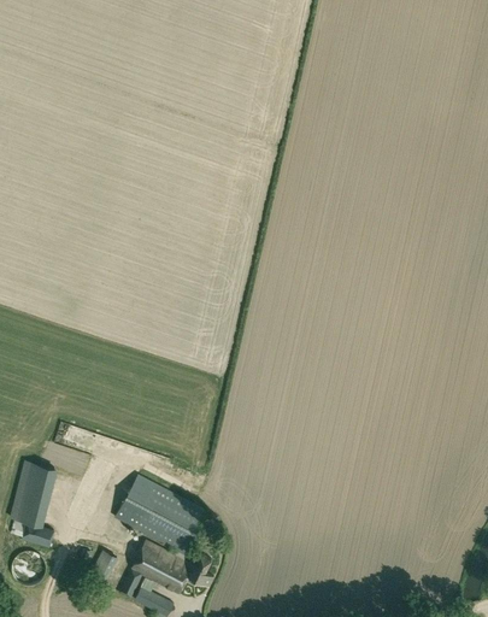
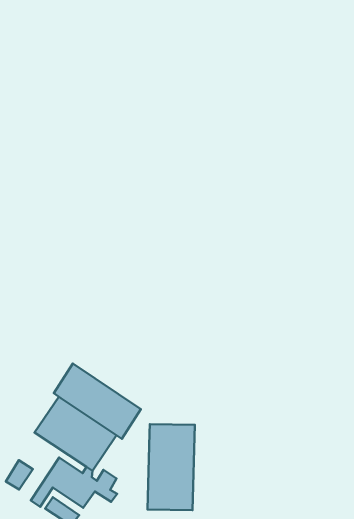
building: none -> [54,363,141,439]
building: none -> [148,424,195,510]

